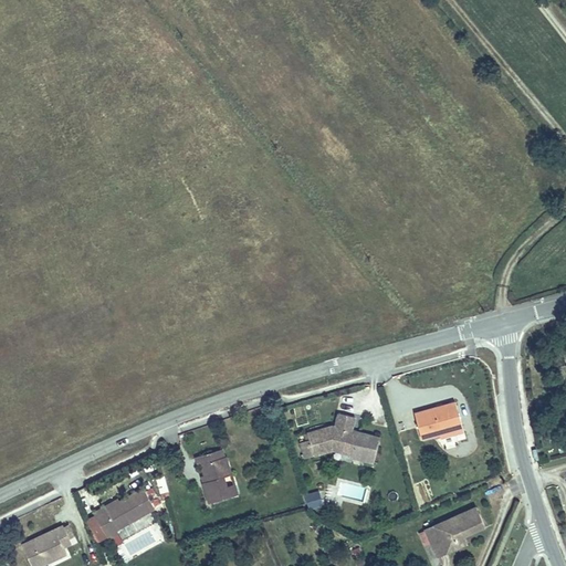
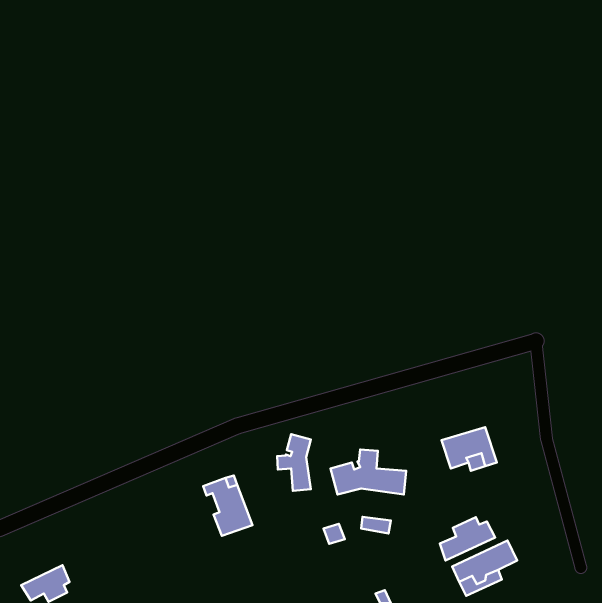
building: none -> [277,434,311,491]
building: none -> [440,517,495,561]
building: [87,490,150,543] -> none

